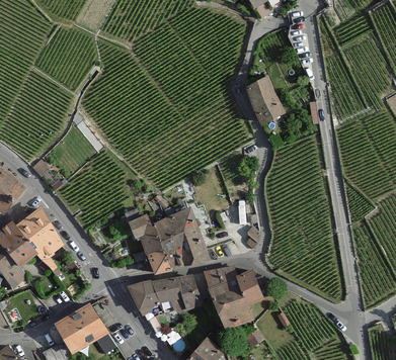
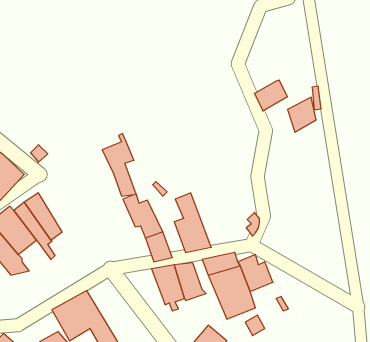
building: [245,74,273,108] -> [288,97,316,132]
building: [151,205,184,267] -> [102,134,136,196]
building: [127,281,164,322] -> none

